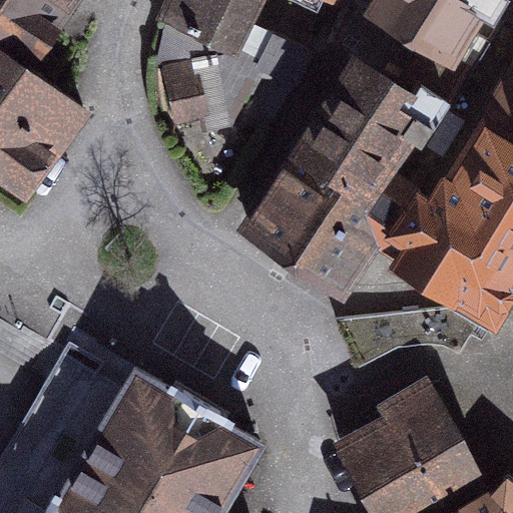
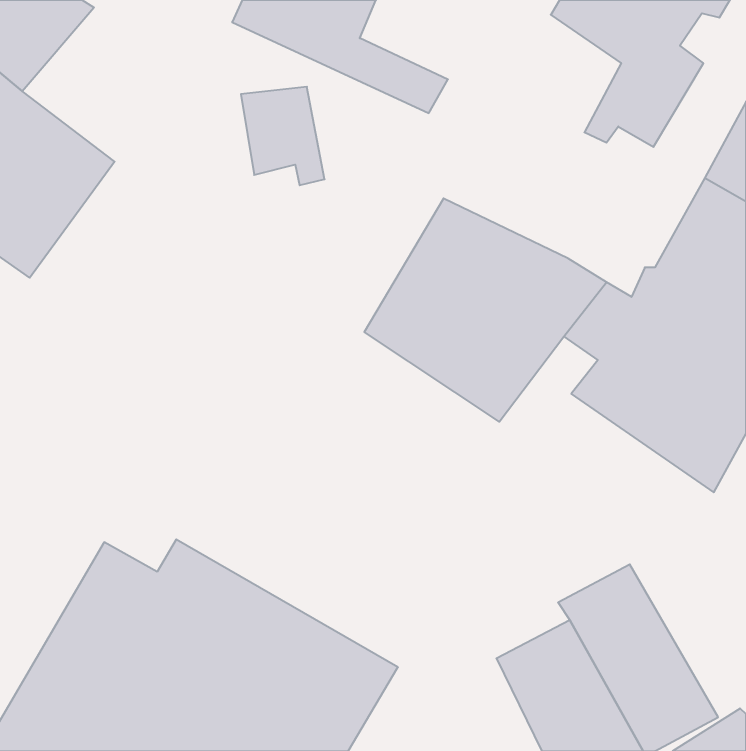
building: [303,62,446,176] -> none

